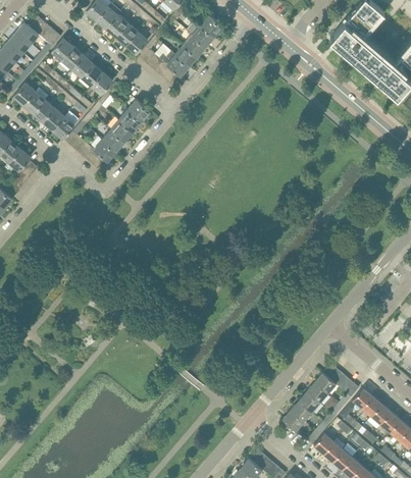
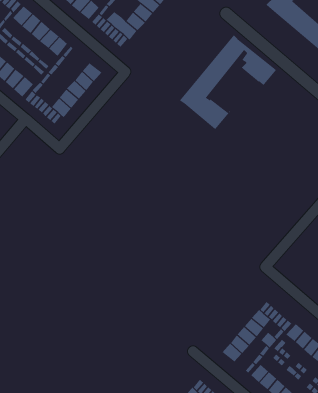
building: none -> [179,35,277,130]

